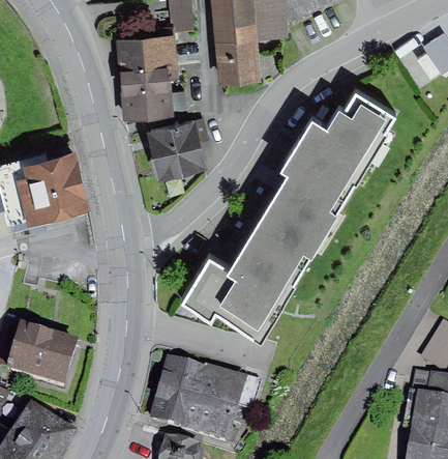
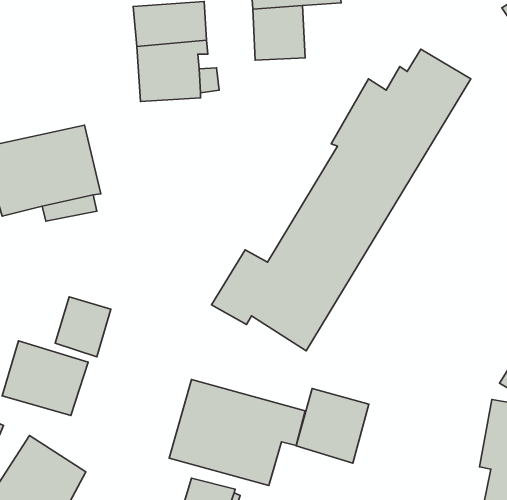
building: [144,118,208,185] -> none
building: none -> [55,297,111,357]
building: none -> [296,388,369,463]

